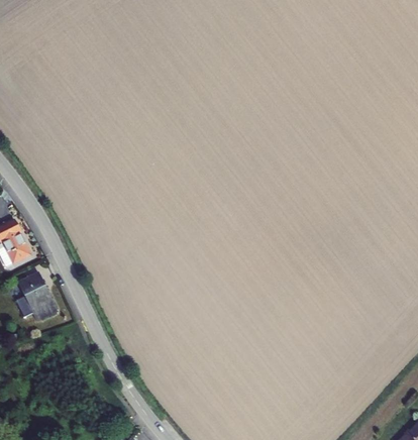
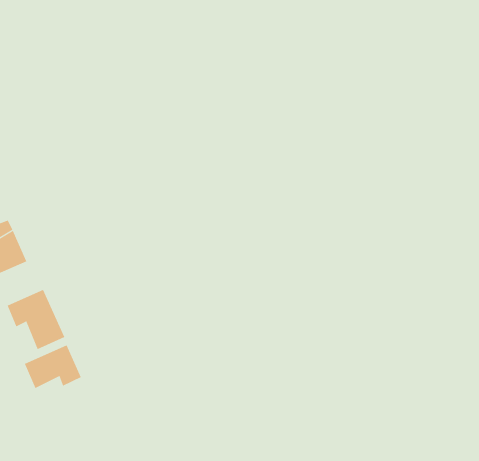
building: none -> [24,344,82,389]

